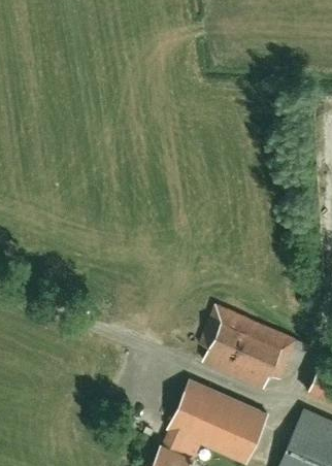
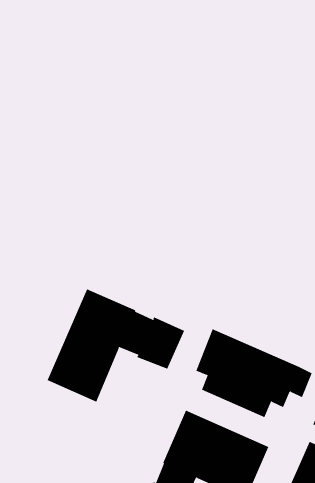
building: none -> [47,288,185,402]

